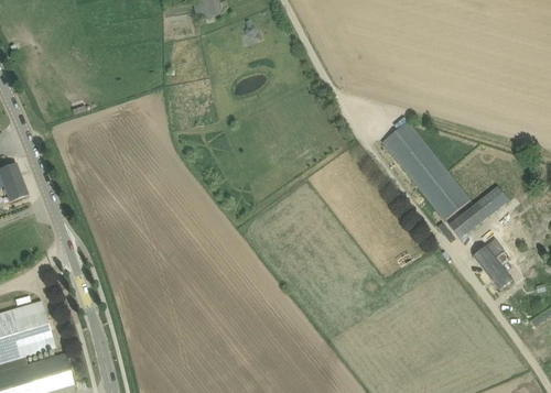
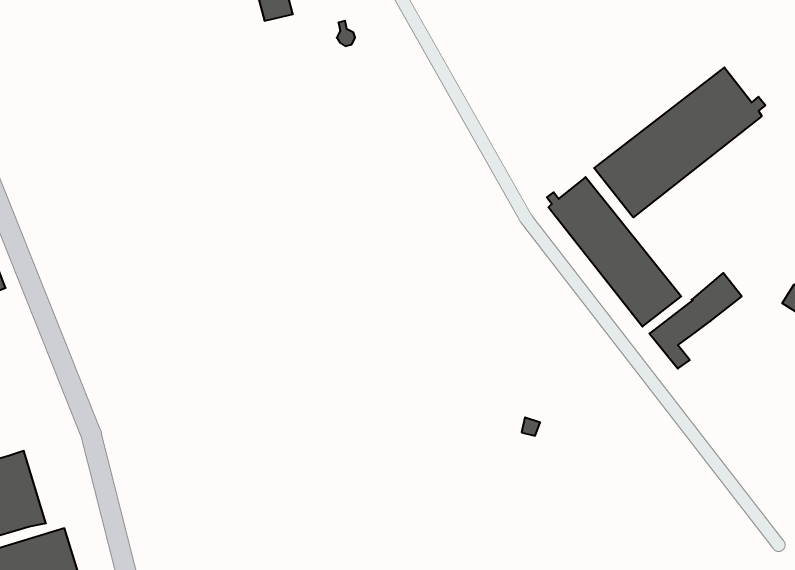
building: none -> [594,67,765,217]
building: [473,239,514,290] -> none

